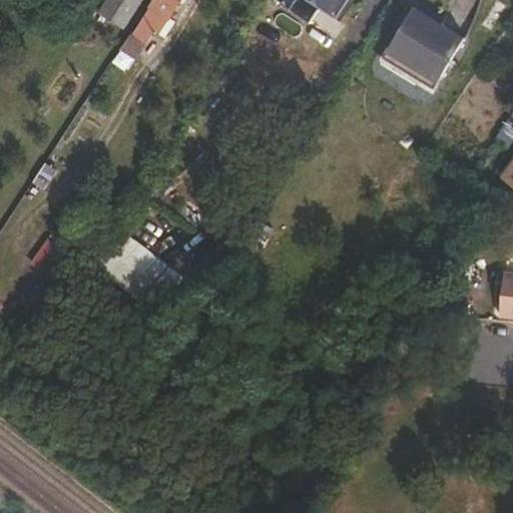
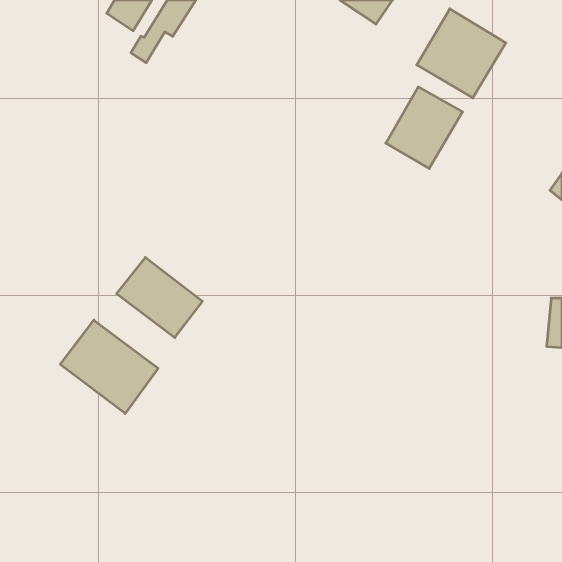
building: none -> [386,87,463,169]
building: none -> [60,320,158,414]

